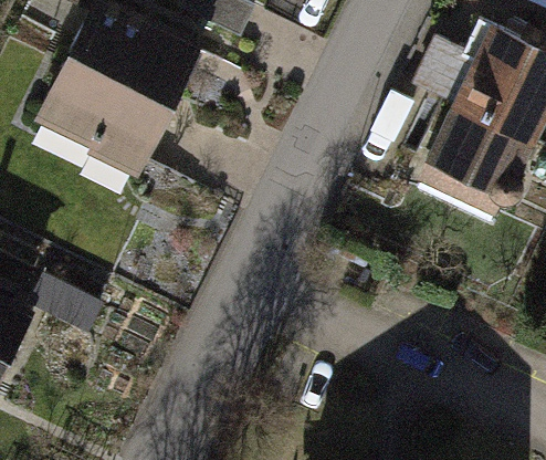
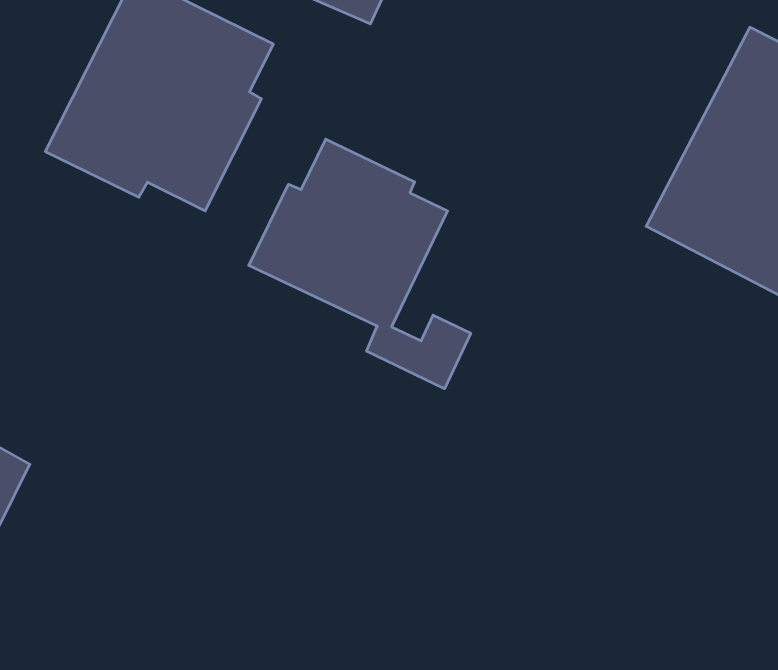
building: none -> [249,139,471,389]

